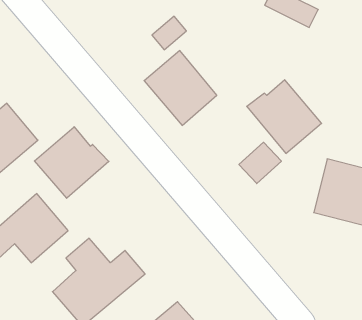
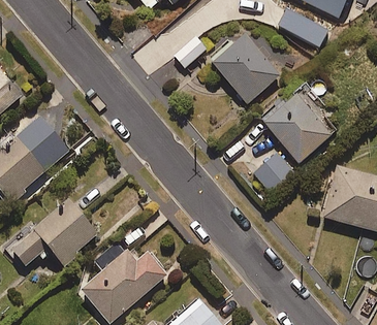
building: [144,51,217,125] -> [212,34,279,103]
building: [34,127,109,198] -> none

